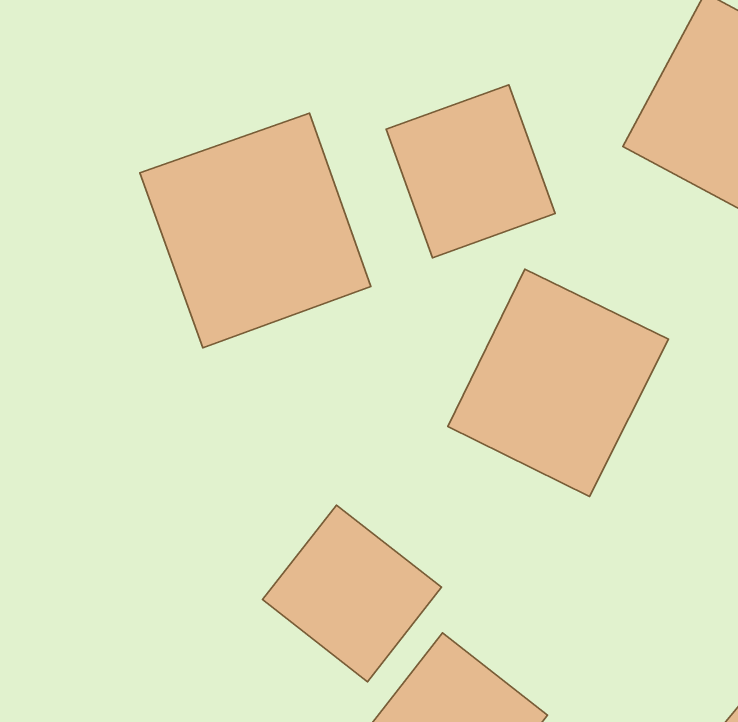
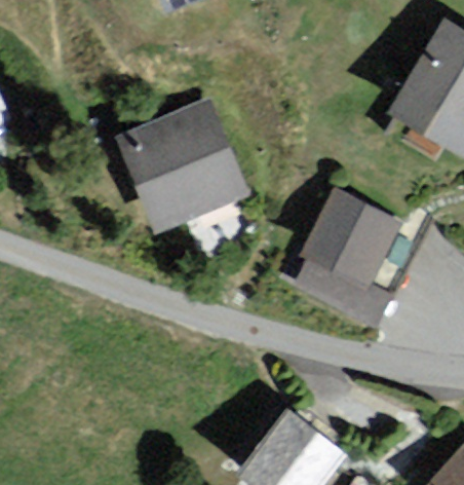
building: [386,85,555,258] -> none
building: [262,505,441,682] -> none

